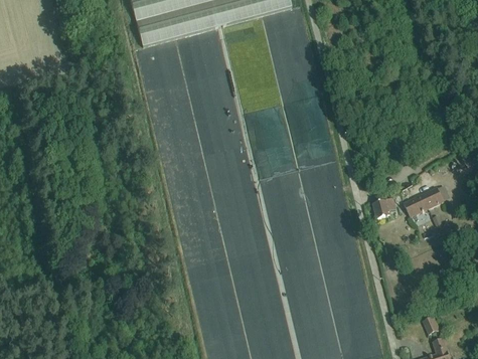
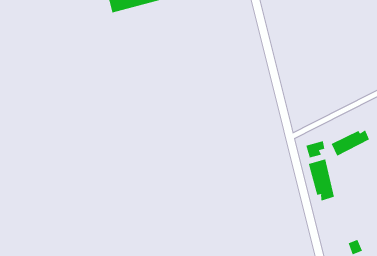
building: none -> [308,159,335,201]

